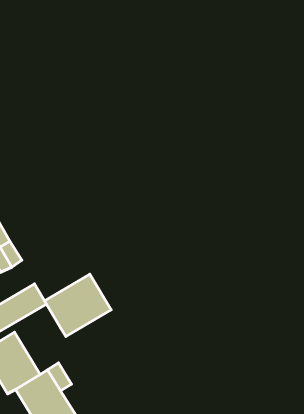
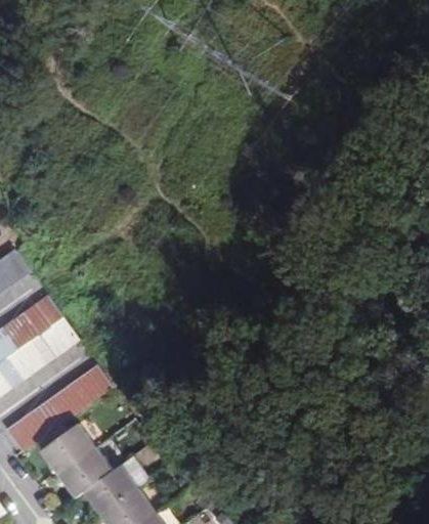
building: [45,274,111,336] -> none

